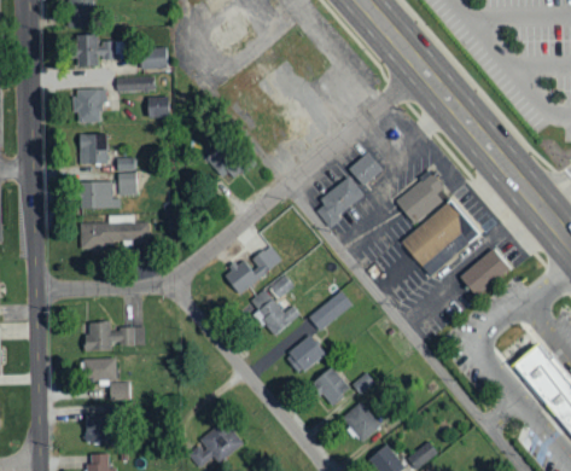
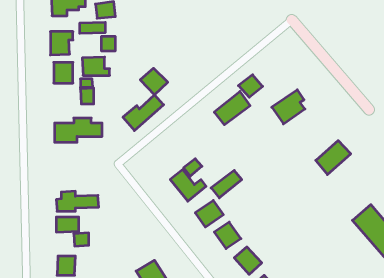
building: [81,181,121,208] -> [82,57,110,75]
building: [401,199,479,277] -> none
building: [223,244,282,296] -> [123,95,164,131]

